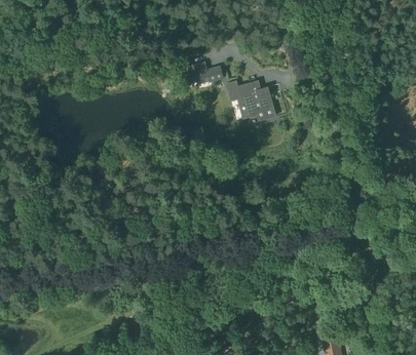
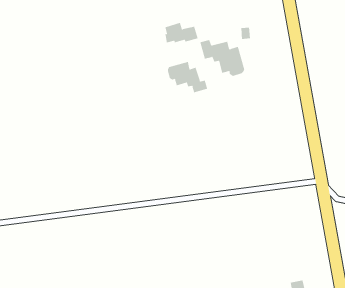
building: none -> [167,61,208,93]

